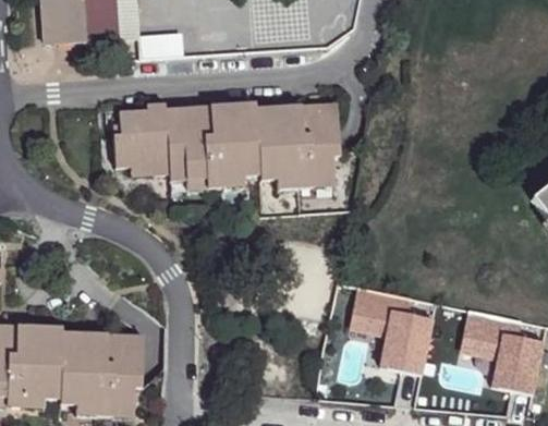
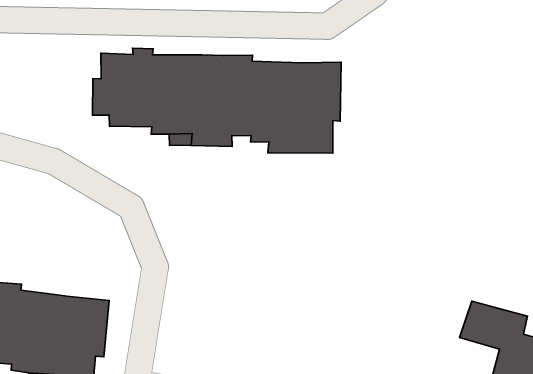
building: [351,284,431,373] -> none

